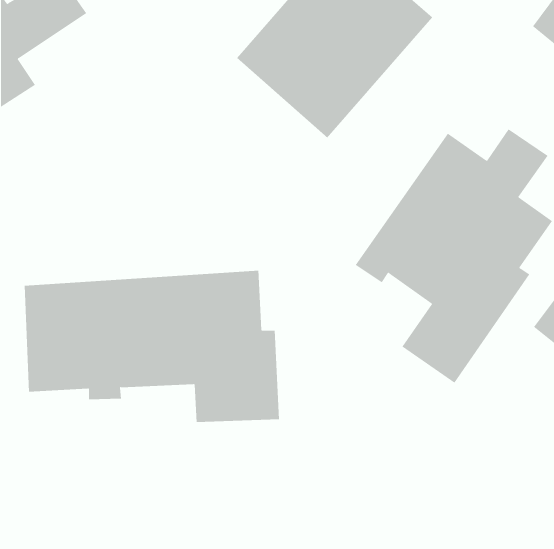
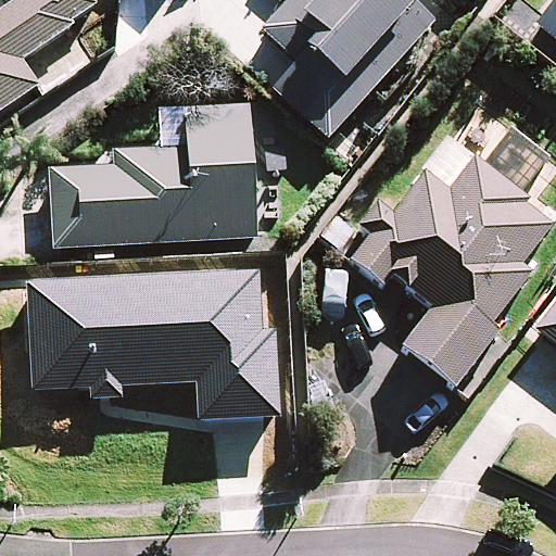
building: none -> [50,108,254,247]

